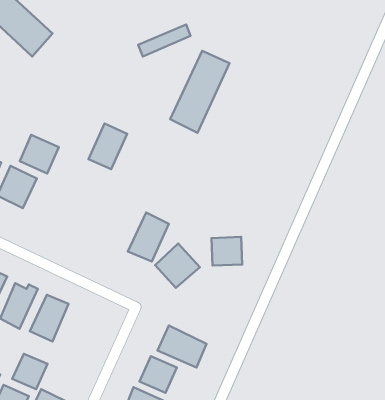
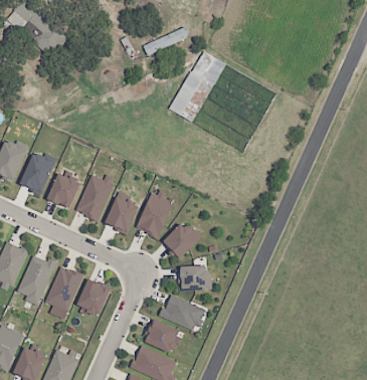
building: [88,124,127,169] -> [78,179,113,219]
building: [20,135,59,174] -> [45,173,79,207]
building: none -> [102,194,138,235]
building: [211,237,242,265] -> [177,265,204,291]
building: [12,354,48,389] -> [77,281,109,313]

